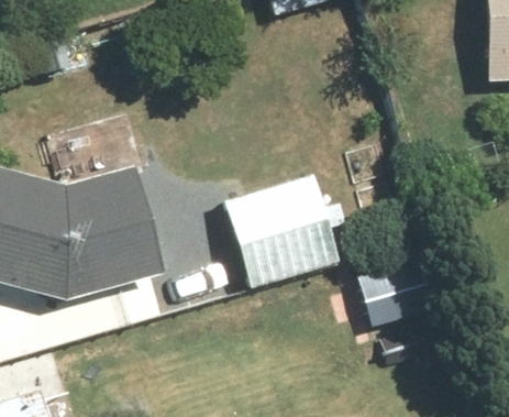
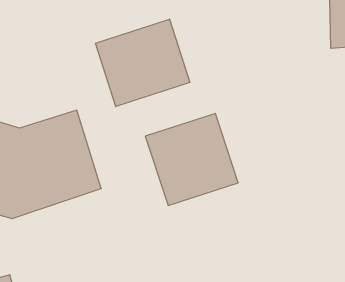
building: none -> [95,19,190,107]

